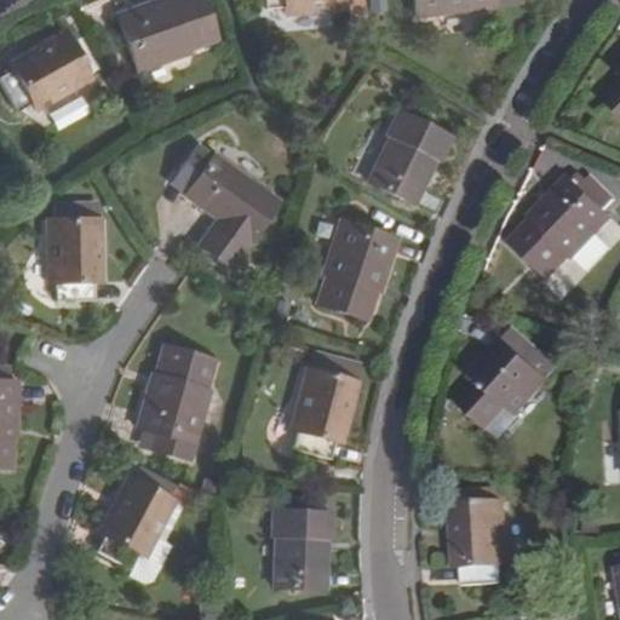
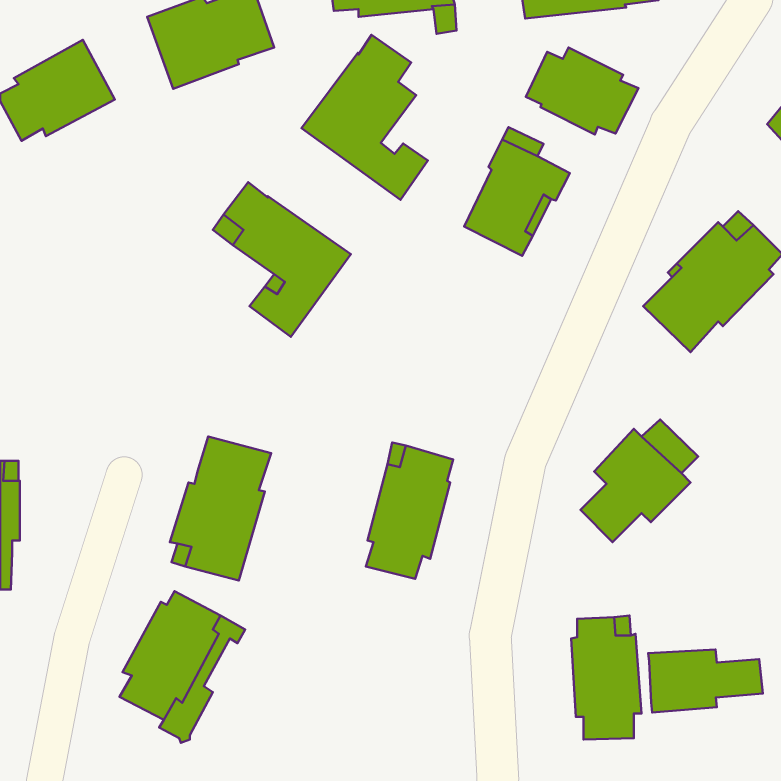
building: none -> [302,35,428,200]
building: none -> [526,48,638,135]
building: [317,218,398,318] -> none
building: [48,219,101,302] -> none
building: [271,510,333,587] -> none
building: none -> [648,649,763,712]

